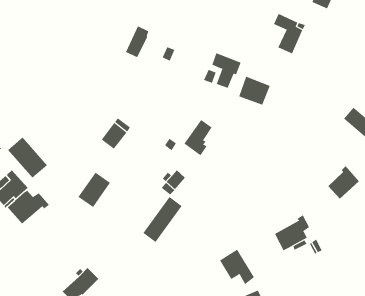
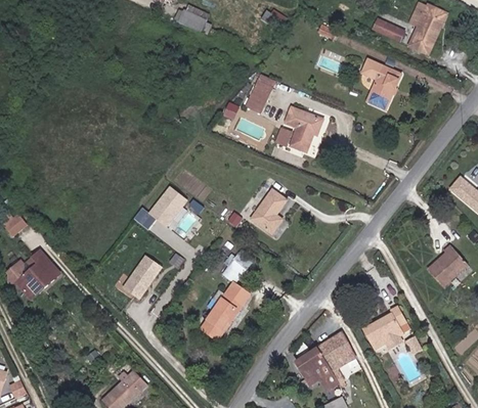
building: [125,25,149,58] -> [245,73,274,112]
building: [238,76,271,105] -> none
building: [7,137,48,179] -> none
building: [7,190,50,224] -> none
building: none -> [317,332,355,383]

